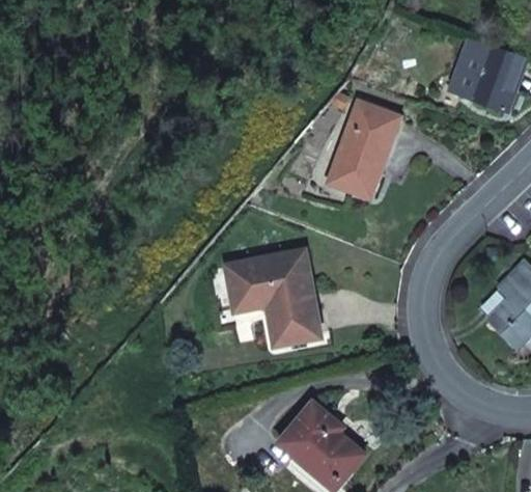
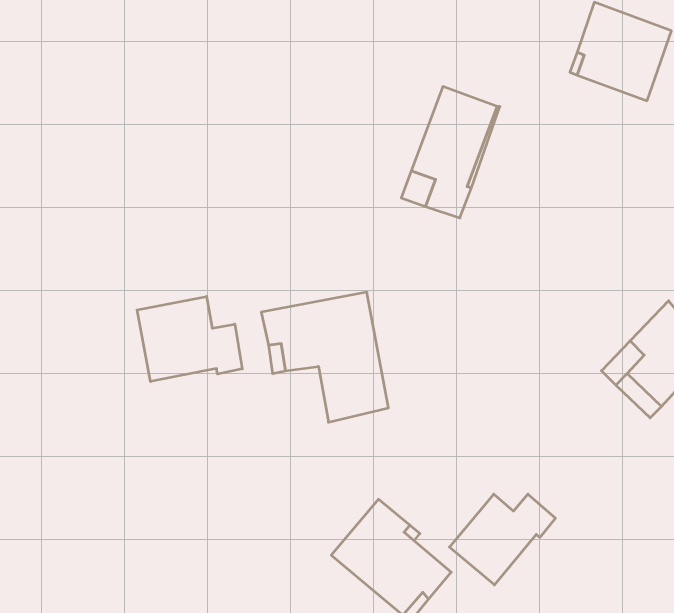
building: none -> [137,296,242,382]
building: none -> [449,494,555,585]

